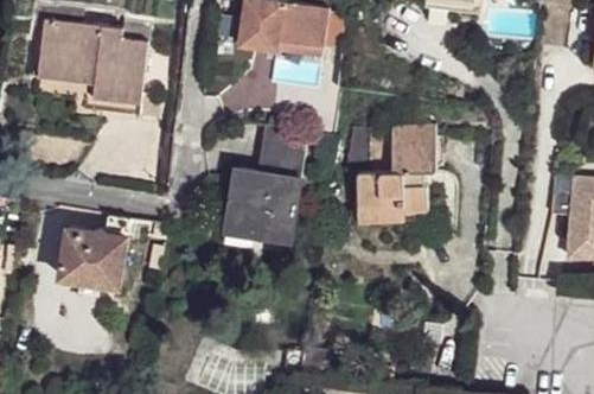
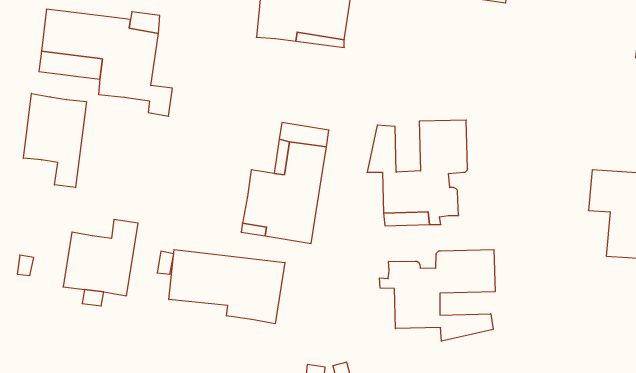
building: none -> [23,93,86,188]
building: none -> [380,250,495,341]
building: none -> [169,250,285,324]

